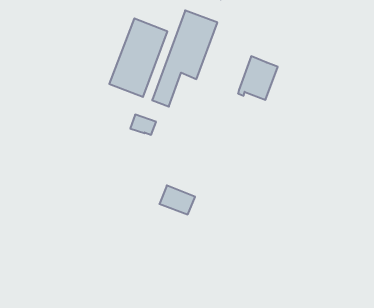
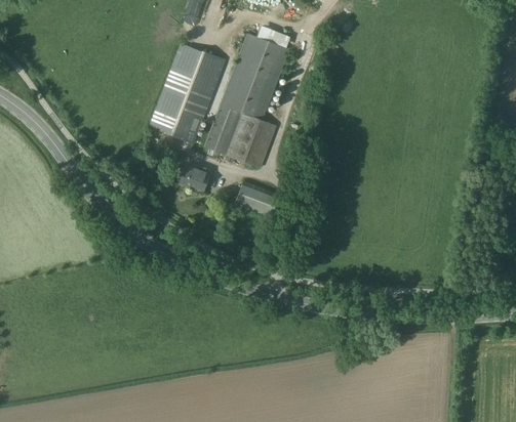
building: [238,56,278,100] -> [226,113,276,168]
building: [159,185,195,214] -> [235,181,280,218]

